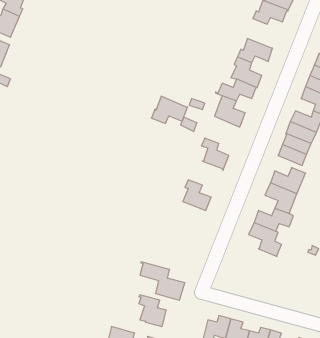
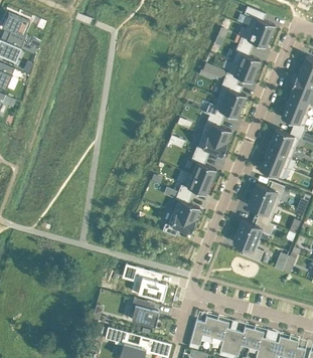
building: none -> [232,43,260,70]
building: [151,96,188,123] -> [193,133,226,158]
building: none -> [178,173,210,196]
building: none -> [162,211,195,235]

